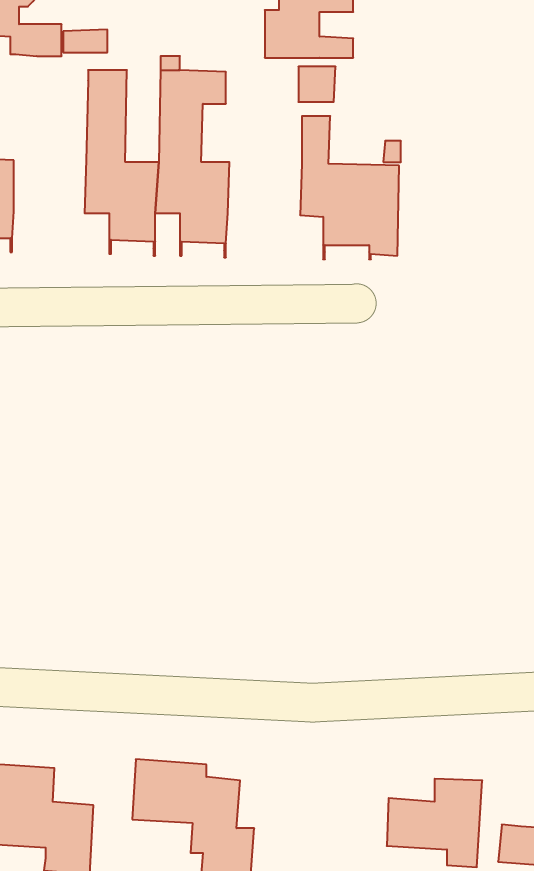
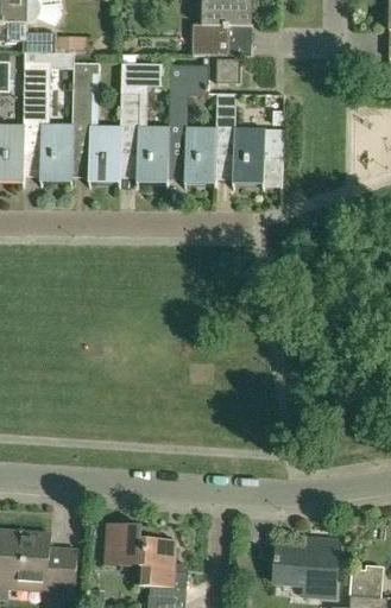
building: none -> [24,63,72,188]
building: none -> [168,65,217,191]

